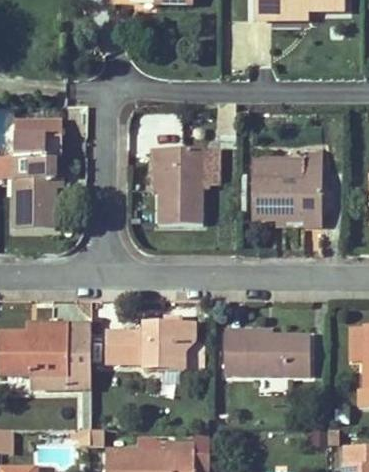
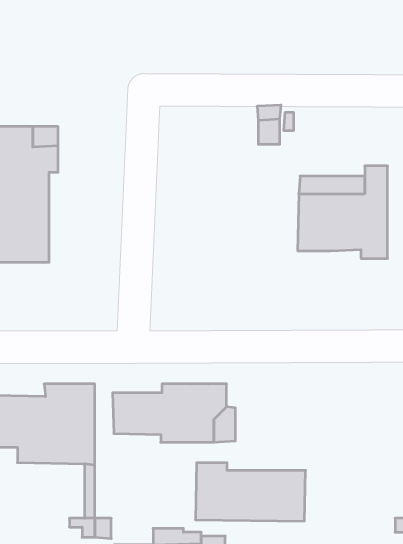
building: [152,149,218,224] -> none
building: [224,329,311,375] -> [195,463,306,521]

